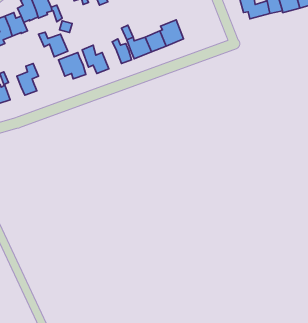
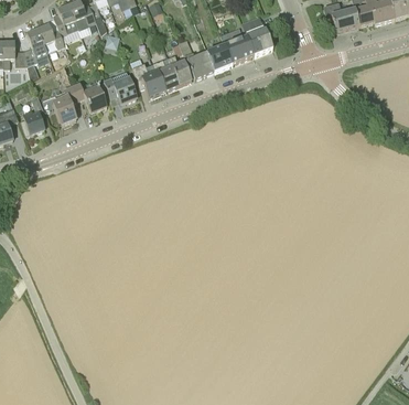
building: none -> [241,15,272,55]
building: [39,32,68,57] -> [72,83,107,113]
building: none -> [153,58,179,92]

